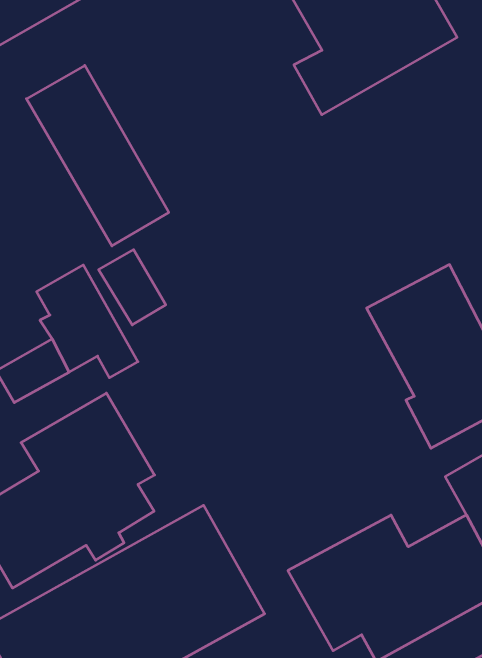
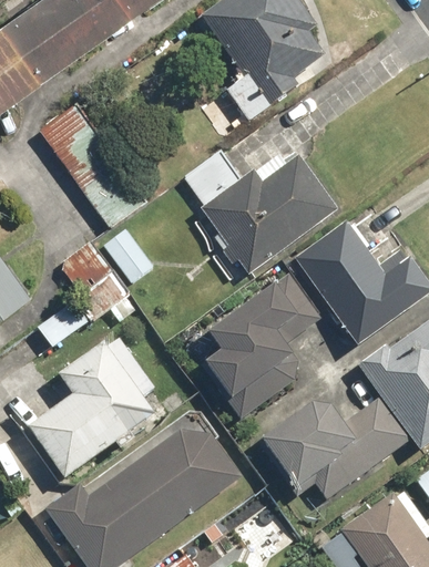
building: none -> [183,154,337,286]
building: none -> [201,276,340,419]

